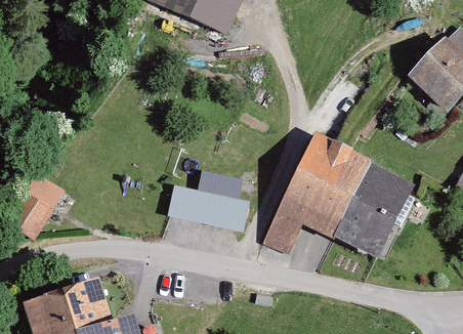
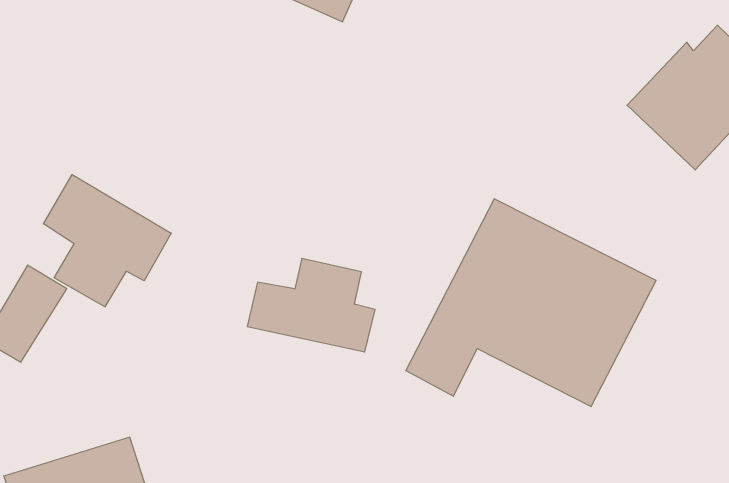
building: none -> [43,175,171,307]

